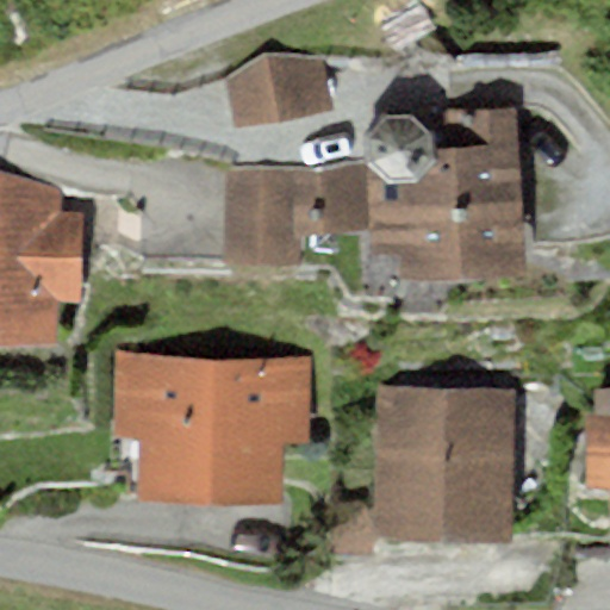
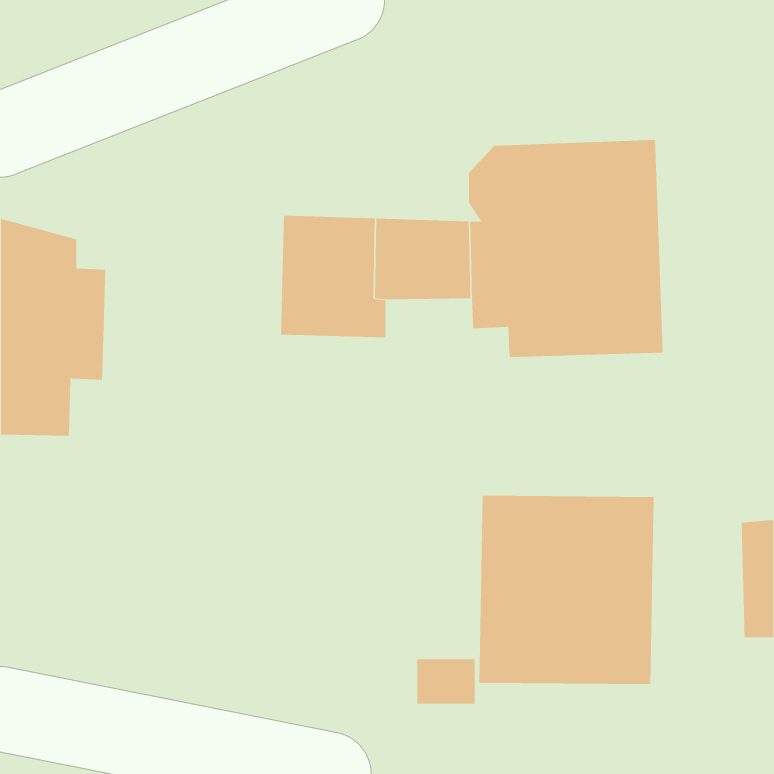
building: [226,52,338,127] -> none
building: [117,354,313,503] -> none

